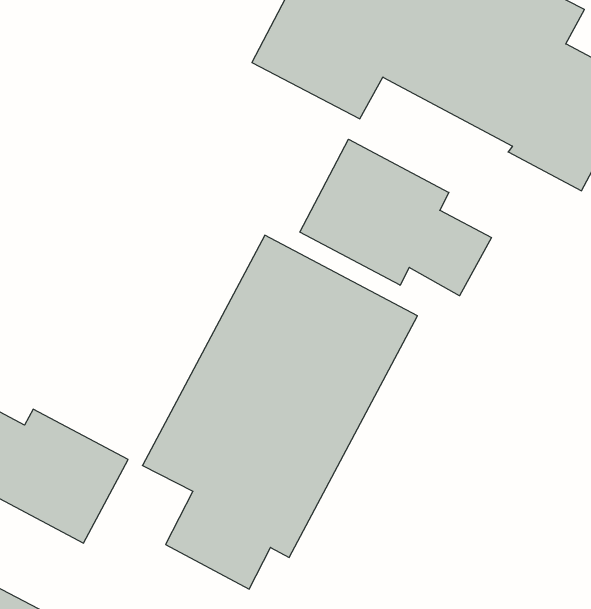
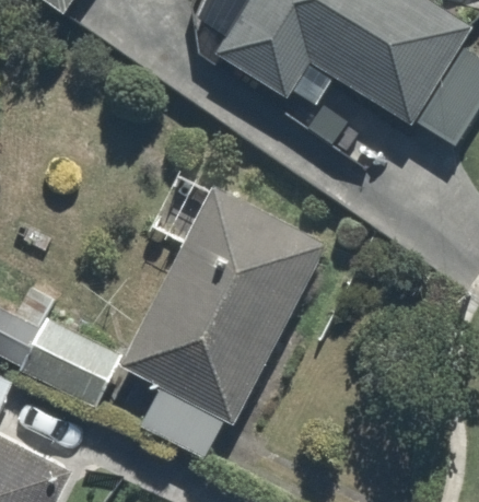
building: [300,139,491,296] -> none

